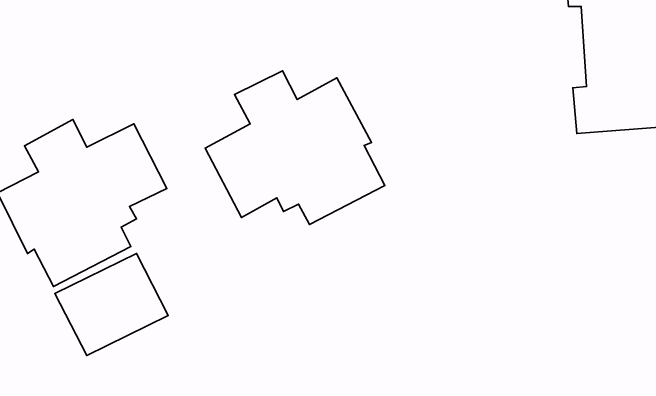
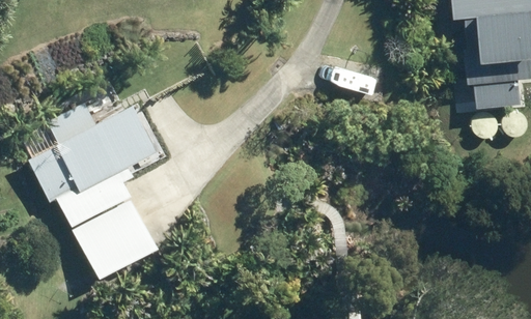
building: [205,71,385,225] -> none

